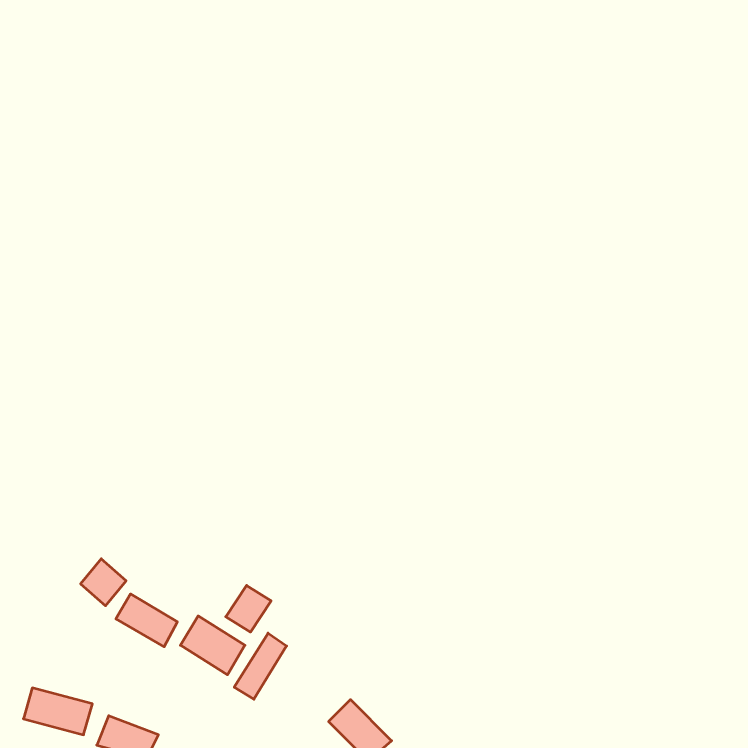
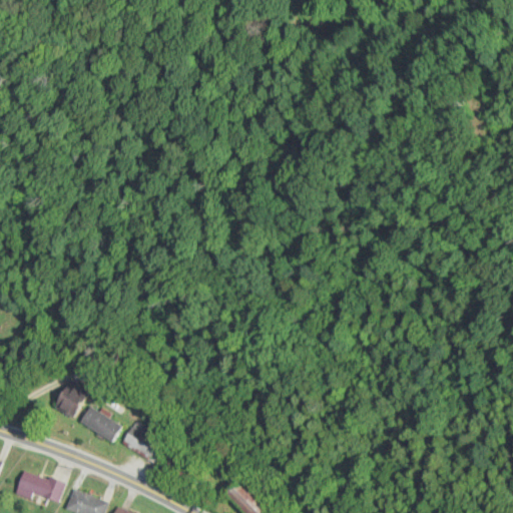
building: [226,585,271,632] -> none
building: [234,633,287,699] -> none

